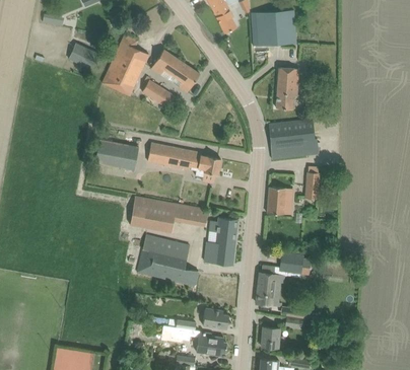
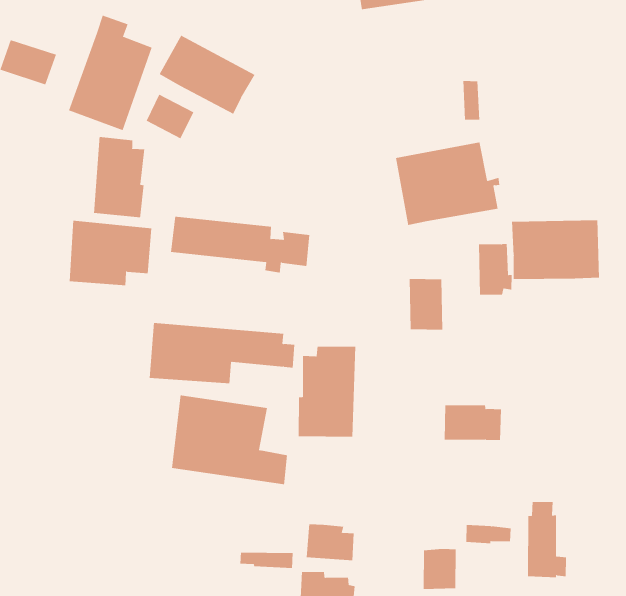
building: [275,68,298,109] -> none
building: none -> [93,136,145,218]
building: none -> [512,220,599,280]
building: [257,266,278,306] -> [527,501,567,578]

